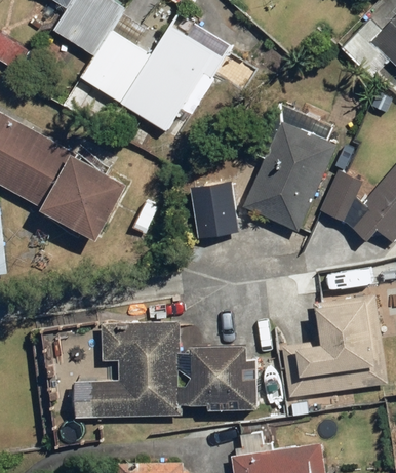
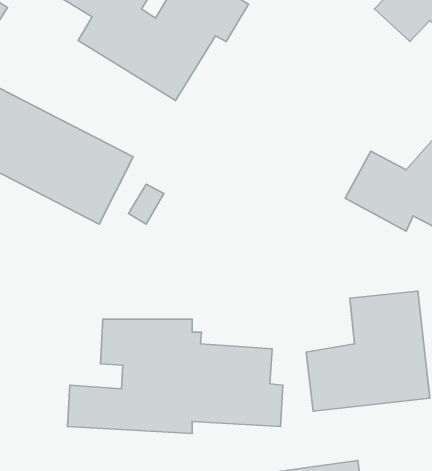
building: [242,103,343,229] -> none
building: [189,184,236,238] -> none

